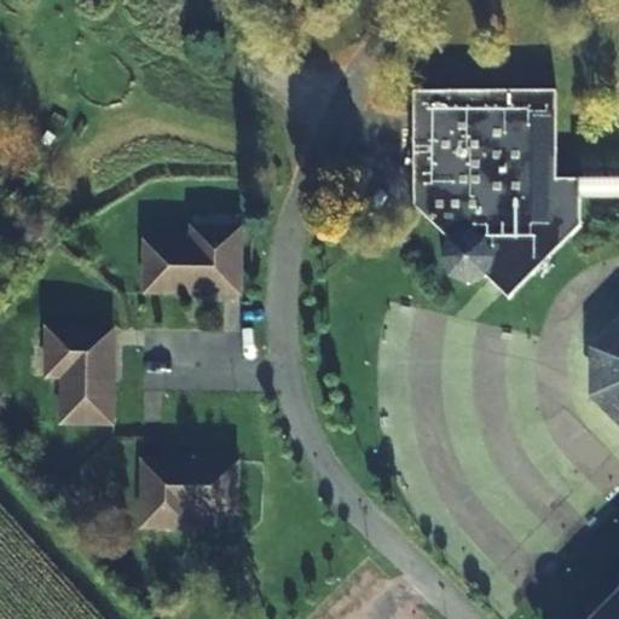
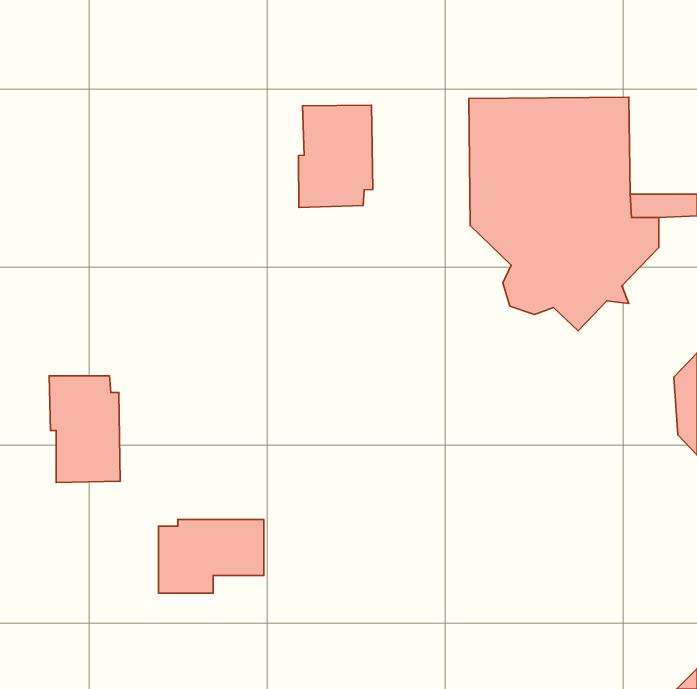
building: none -> [298,105,373,207]
building: [134,226,230,291] -> none

